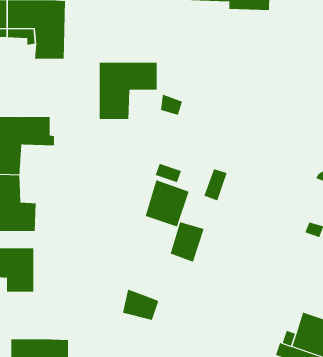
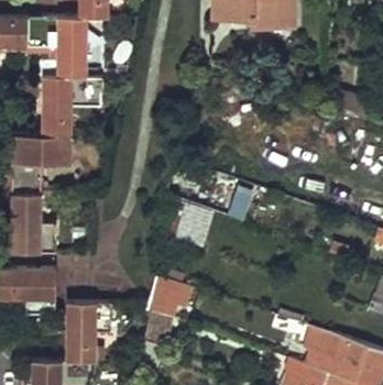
building: [99,62,157,120] -> [41,76,100,134]
building: [170,221,204,263] -> [146,275,182,317]
building: none -> [64,301,110,361]

